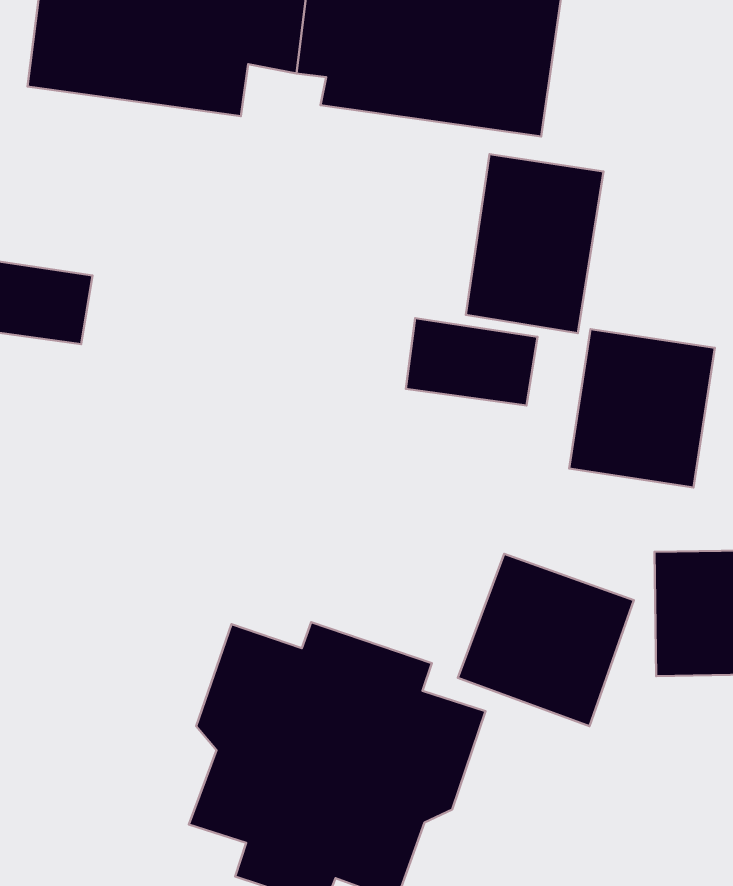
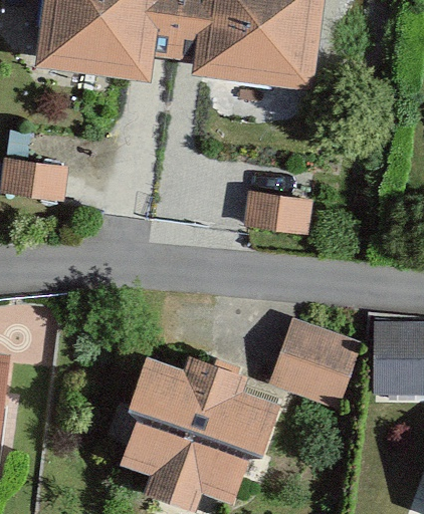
building: [466,154,604,333] -> none
building: [569,329,715,487] -> none

